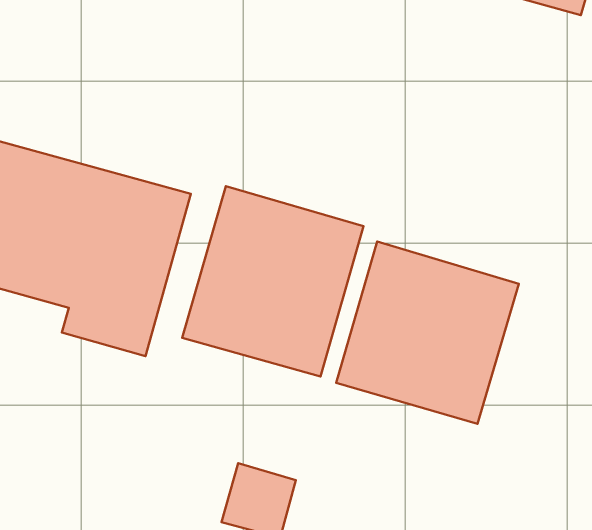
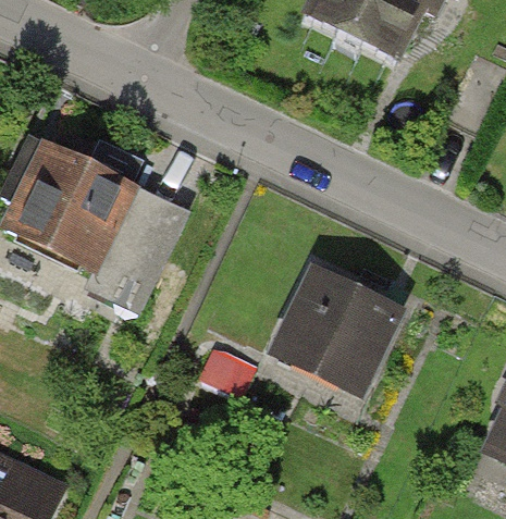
building: [182,186,363,377] -> none

